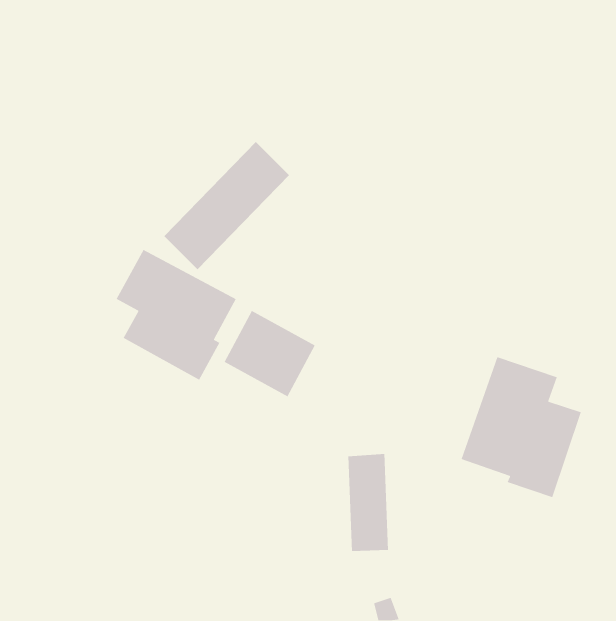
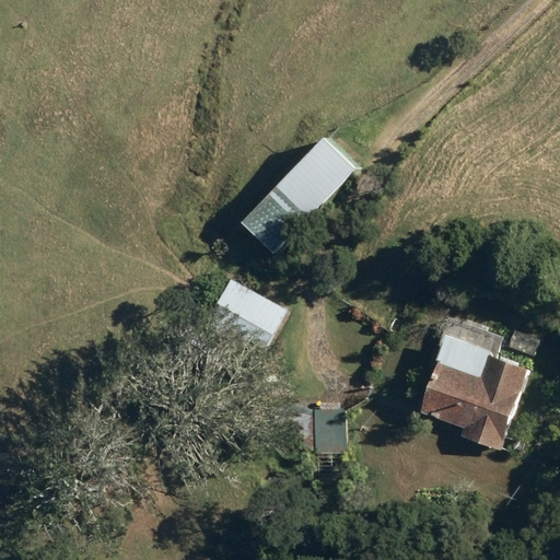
building: [163,141,290,270] -> [240,137,353,253]
building: [116,249,237,381] -> none

